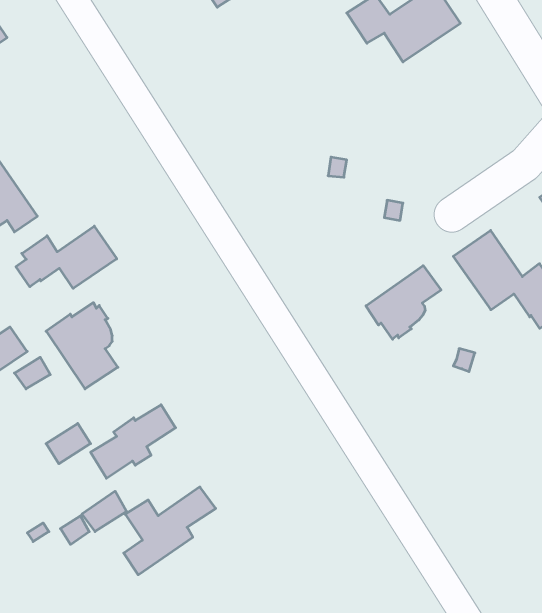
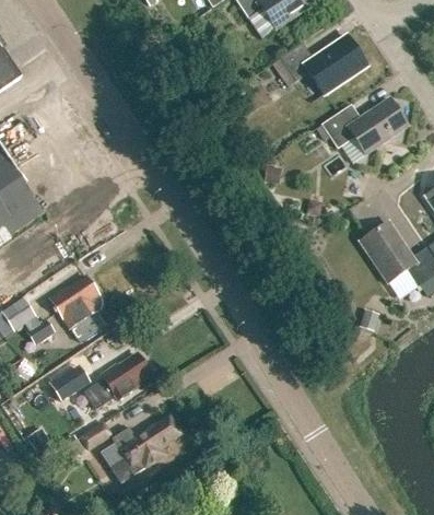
building: none -> [320,97,407,153]
building: [16,226,117,288] -> none
building: [366,266,441,339] -> none

